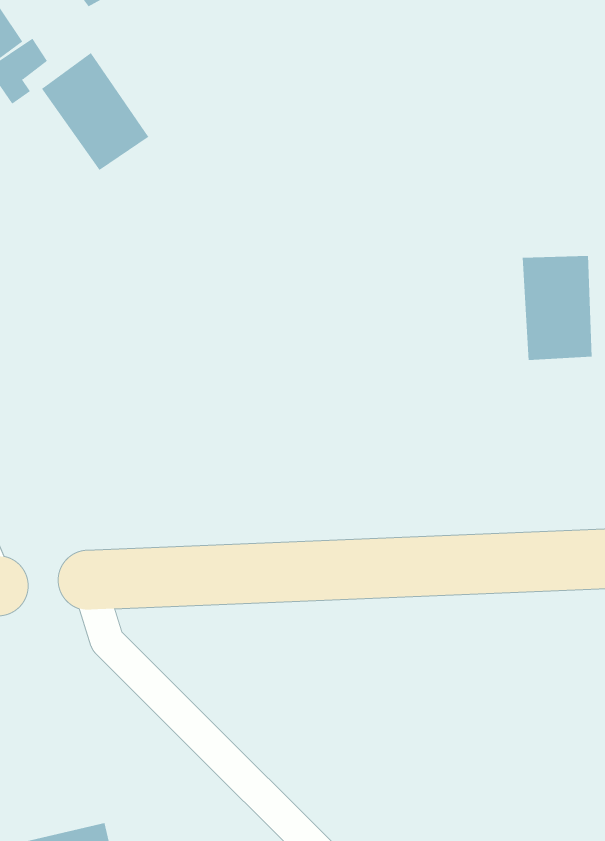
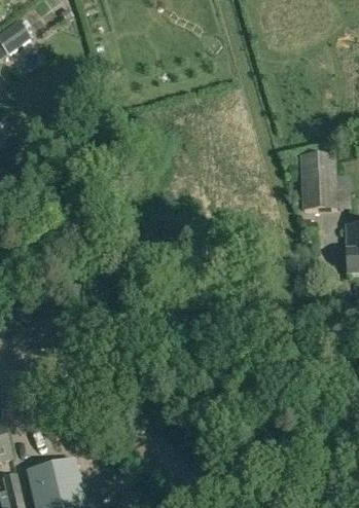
building: [41,52,149,171] -> none

